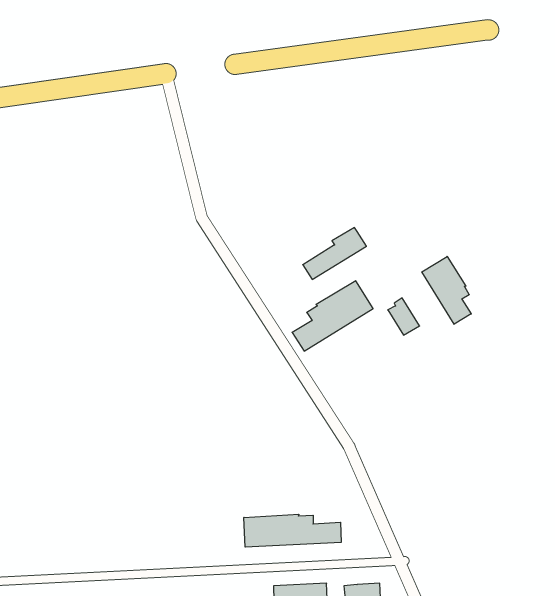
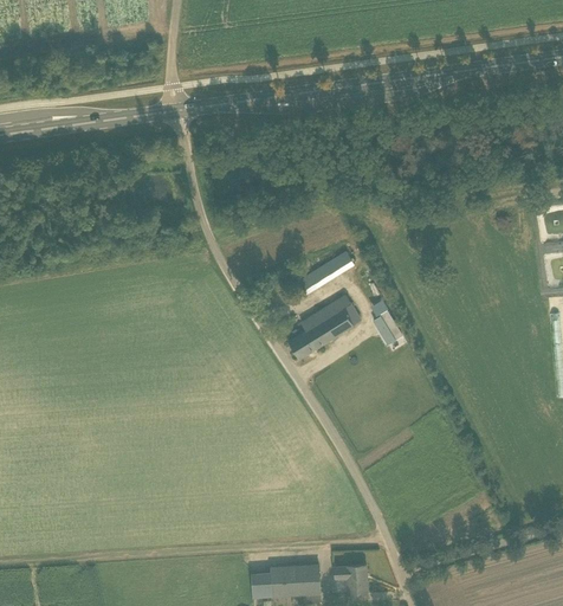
building: [422,256,471,324] -> none
building: [244,514,341,547] -> none

